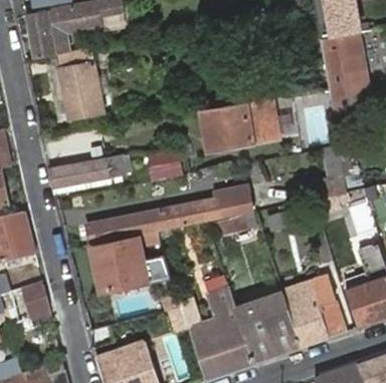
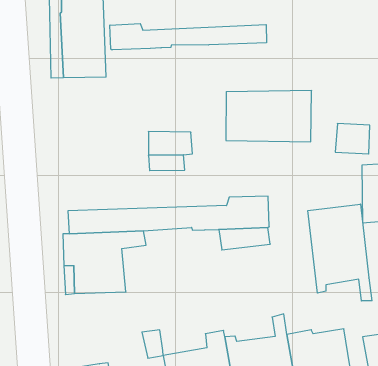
building: none -> [110,24,266,50]
building: [51,154,125,186] -> none
building: none -> [308,204,372,301]

